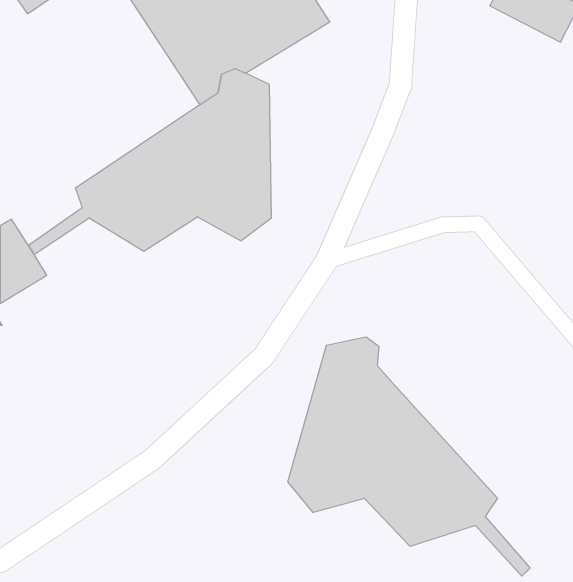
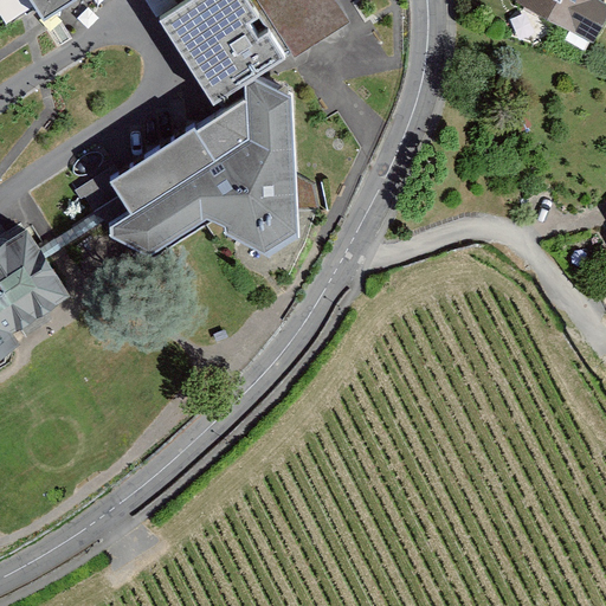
building: [288,337,530,576] -> none

